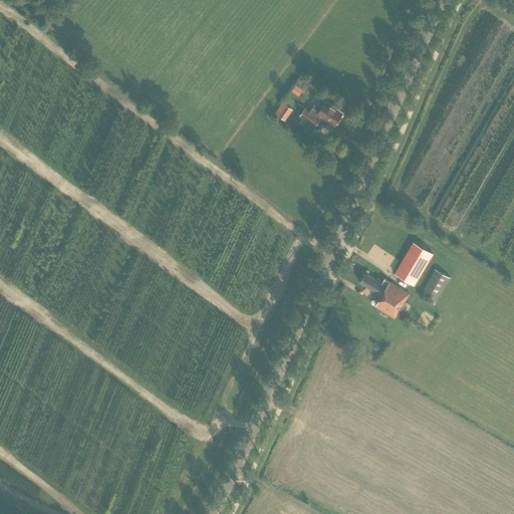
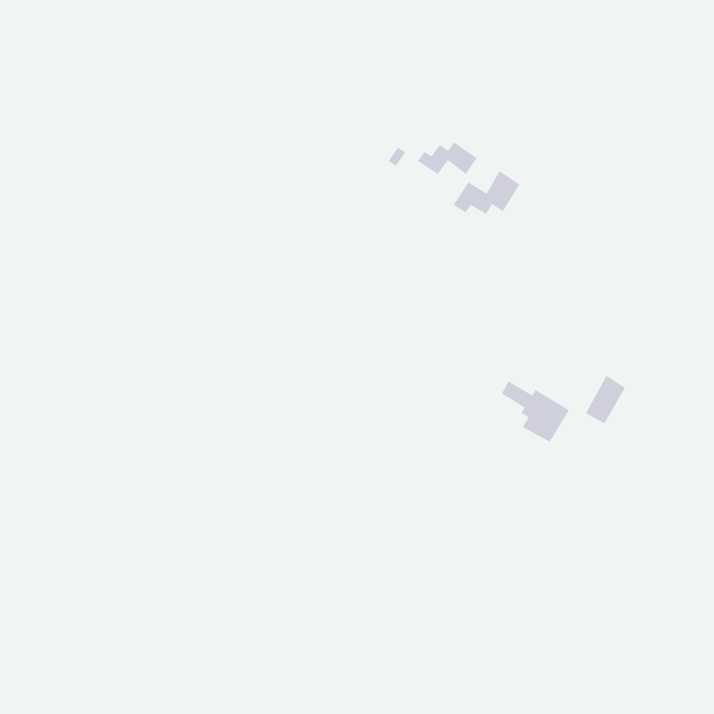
building: none -> [453,170,520,215]
building: [395,243,432,286] -> none

